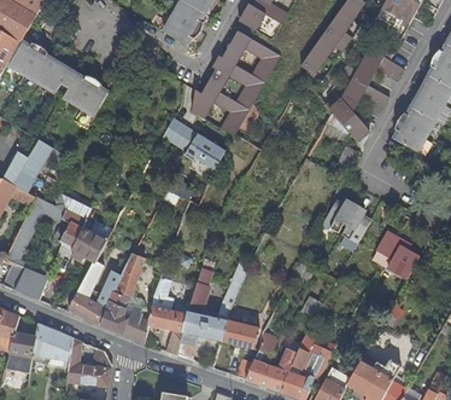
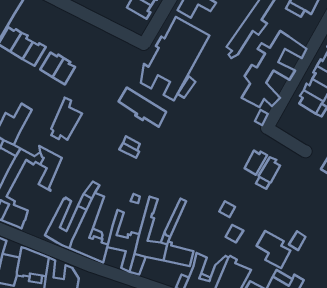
building: [164,16,199,45] -> none
building: [74,208,113,262] -> [51,98,82,140]
building: [376,231,420,279] -> [257,231,290,268]

